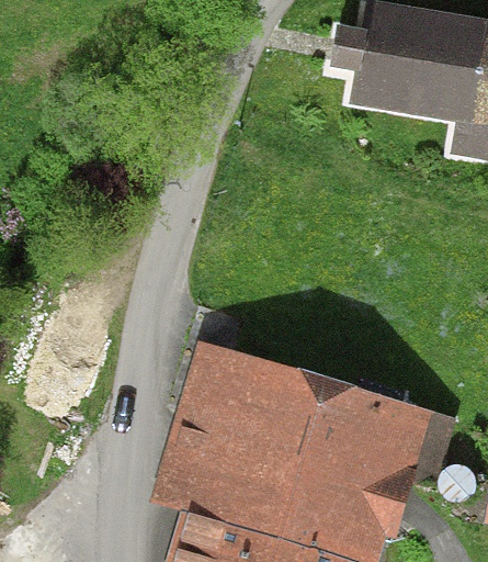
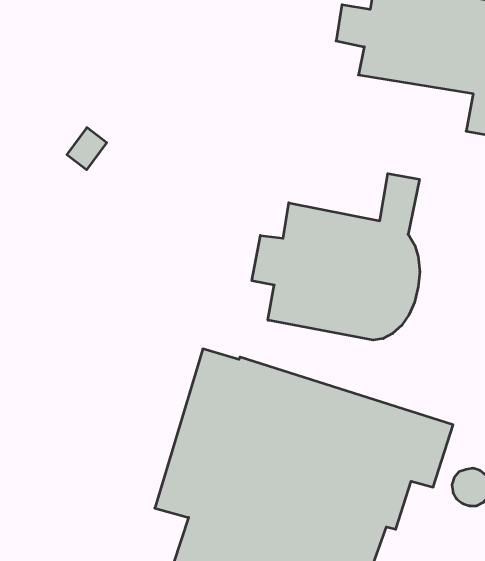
building: none -> [252,174,420,340]

